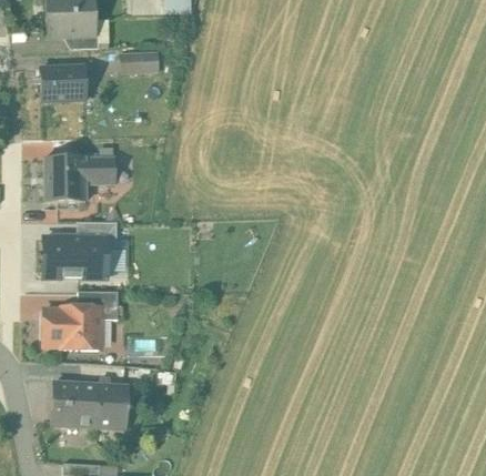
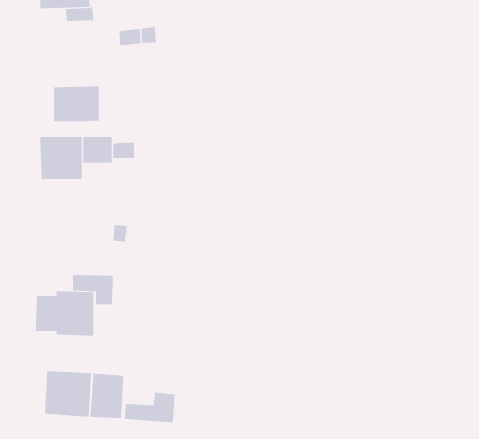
building: [43,64,88,99] -> [53,86,100,122]
building: [44,236,108,277] -> none
building: none -> [124,392,175,423]

